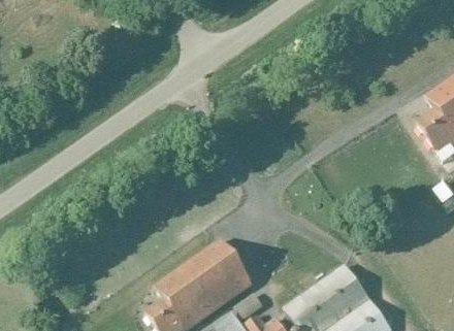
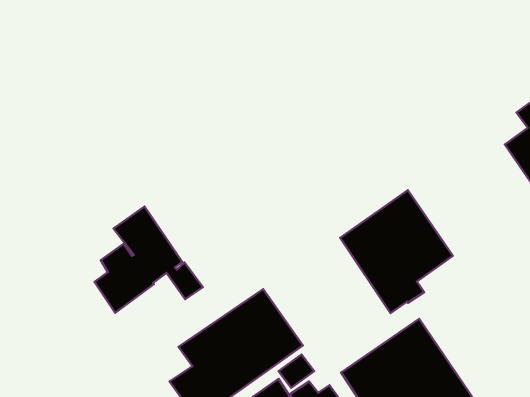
building: none -> [340,190,453,313]
building: none -> [94,207,203,313]

